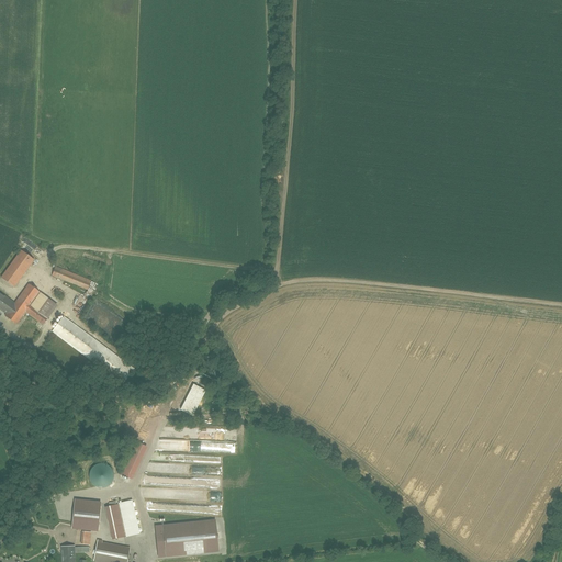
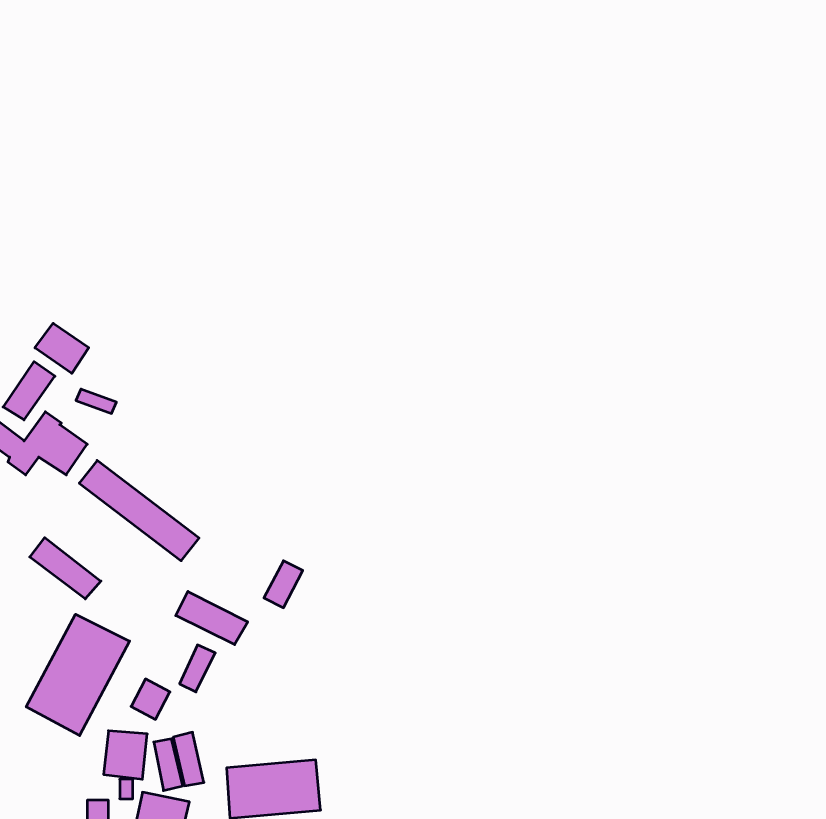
building: none -> [35,323,89,373]
building: none -> [30,538,101,599]
building: none -> [176,591,248,645]
building: none -> [26,614,130,736]

